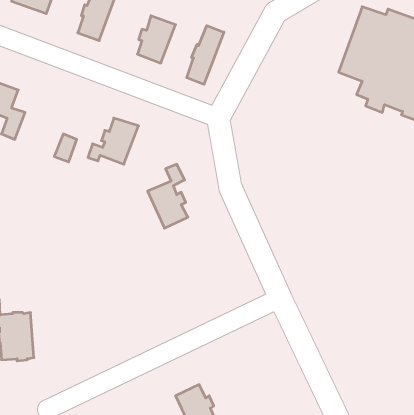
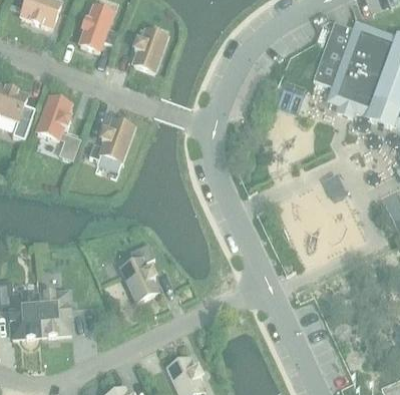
building: [187,26,224,84] -> none
building: none -> [37,96,71,137]
building: [148,164,188,228] -> [121,243,157,300]
building: none -> [38,291,70,334]

